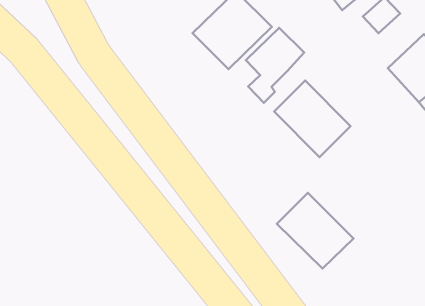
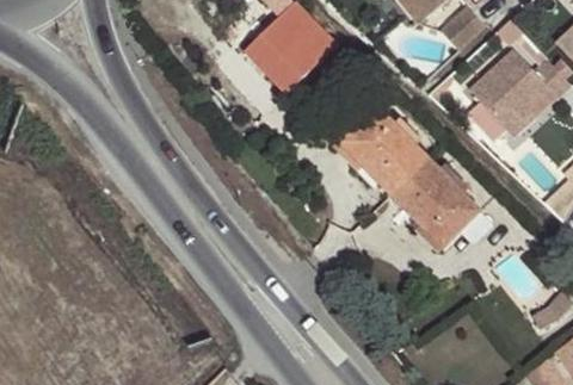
building: [246,28,304,103] -> none
building: [277,193,353,268] -> [392,159,480,246]

